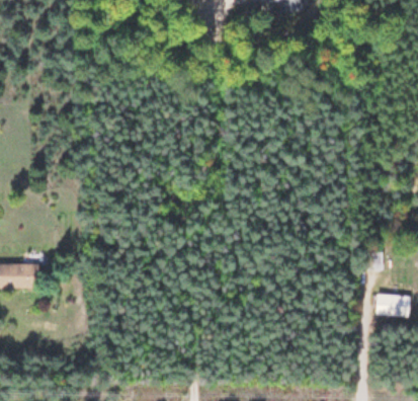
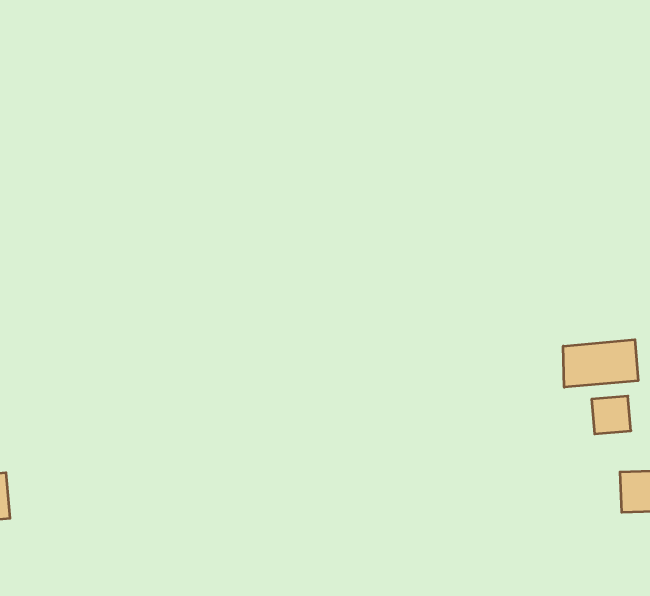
building: none -> [563,340,638,387]

